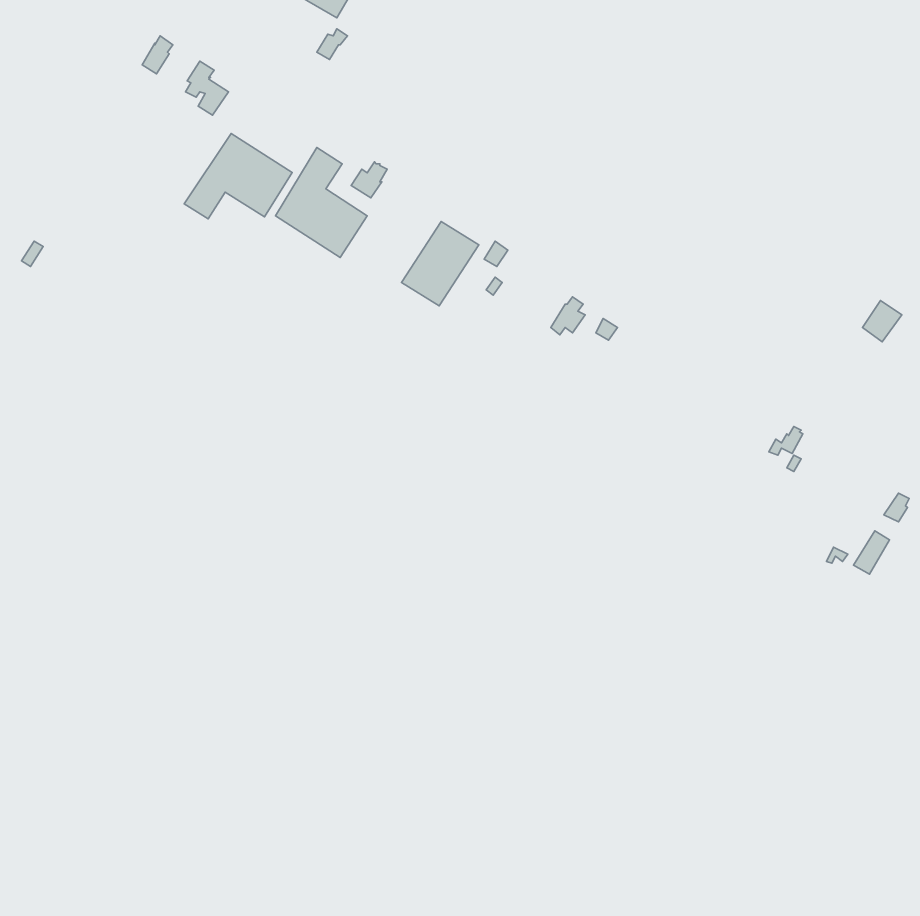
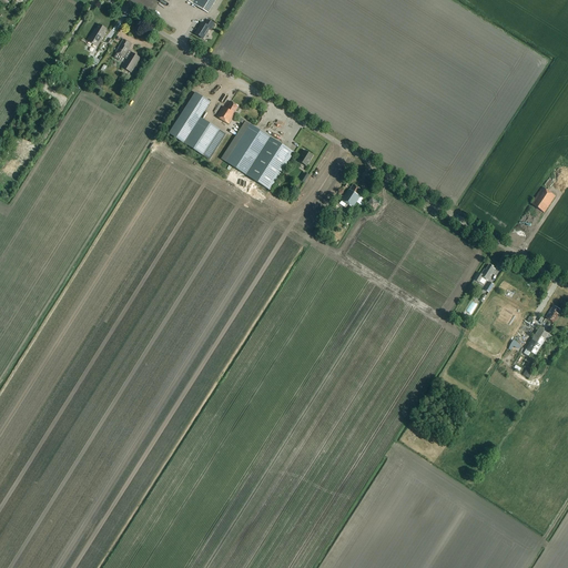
building: [184,134,292,219] -> none
building: none -> [221,120,271,174]

